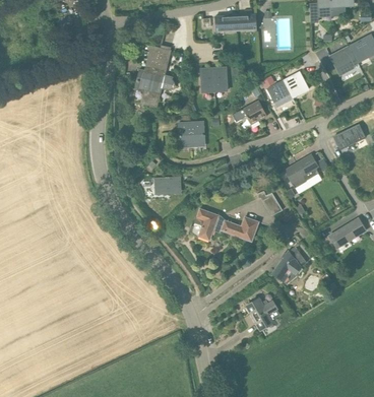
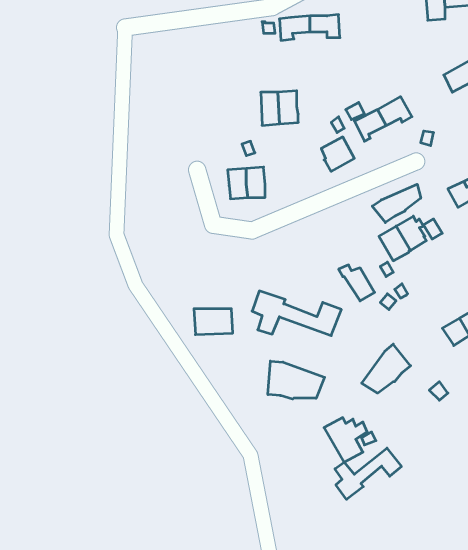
building: [131,43,176,107] -> none
building: none -> [372,184,421,223]
building: [154,178,182,196] -> [194,309,233,335]
building: none -> [268,361,325,399]
building: none -> [335,448,401,499]

